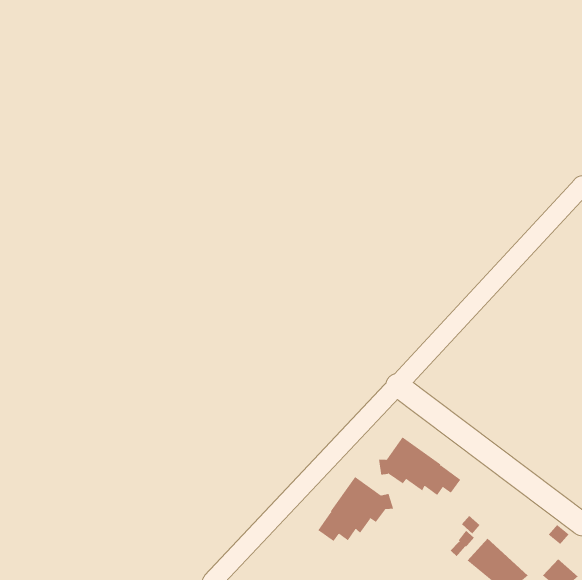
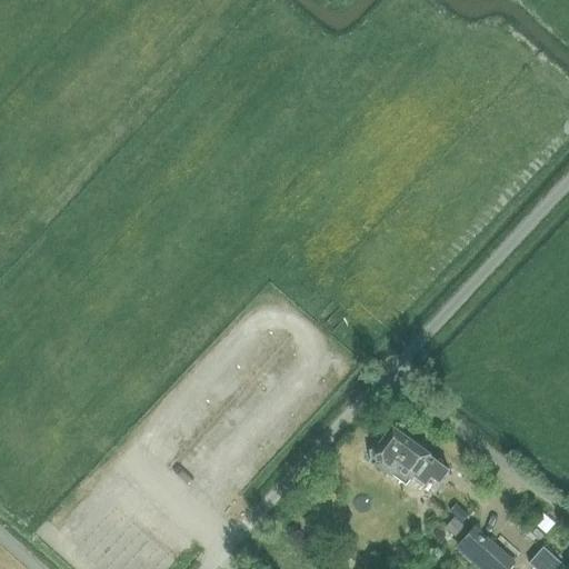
building: [317,476,394,542] -> none

